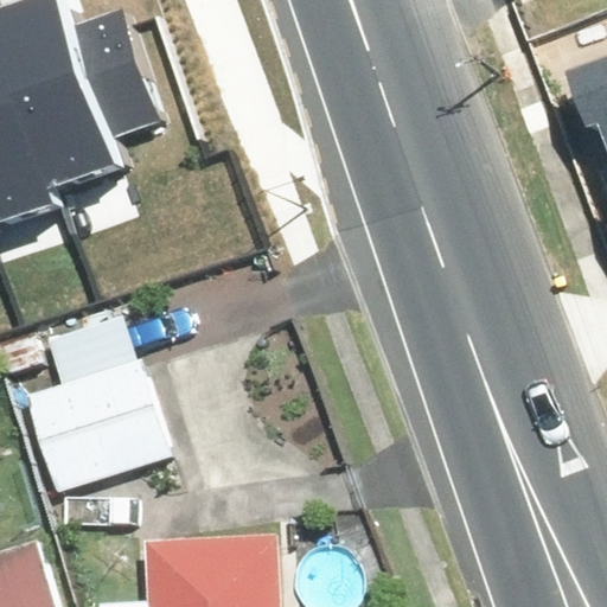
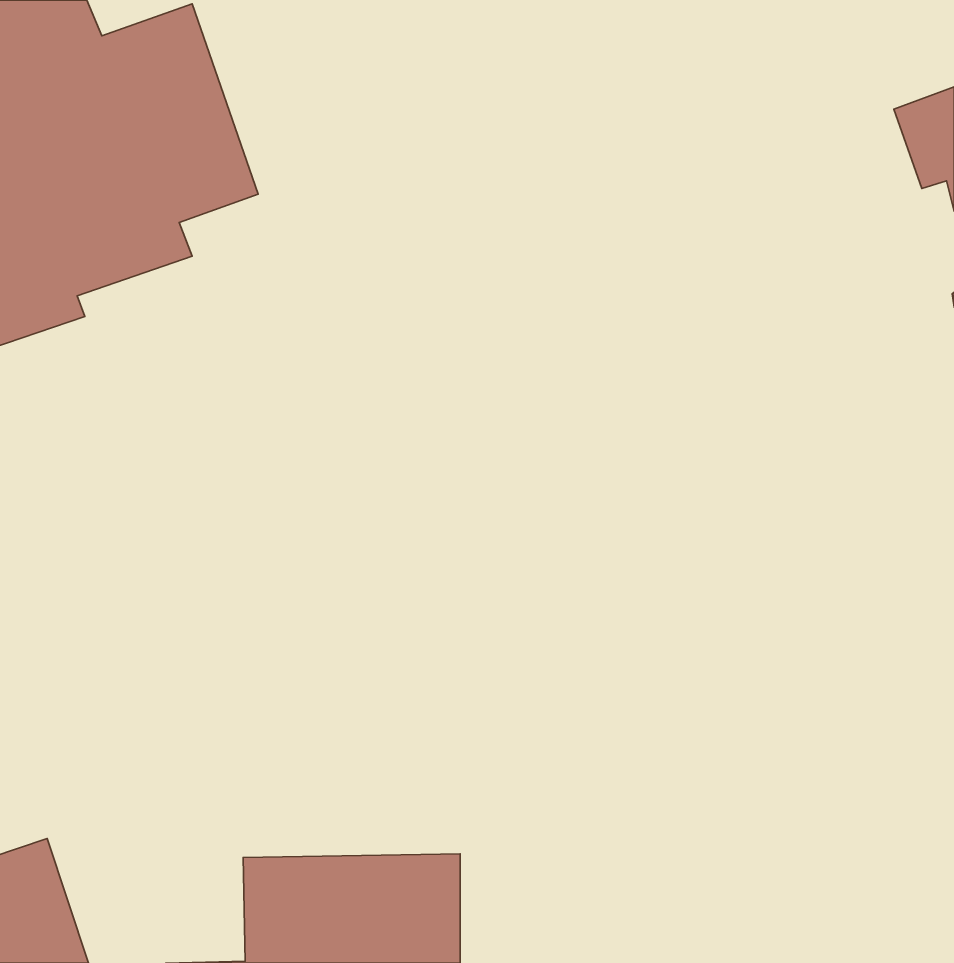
building: [23,360,173,501] -> none

